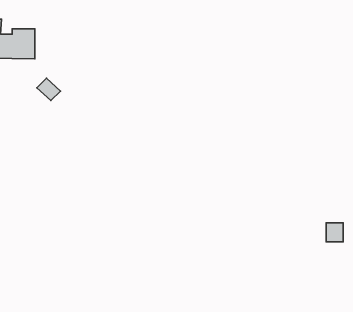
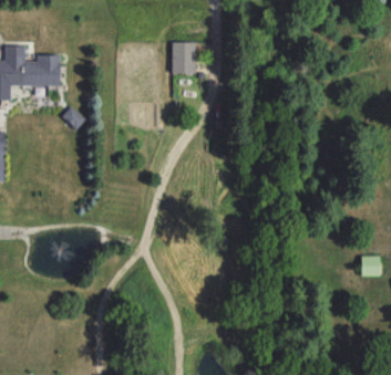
building: none -> [172,42,196,74]

